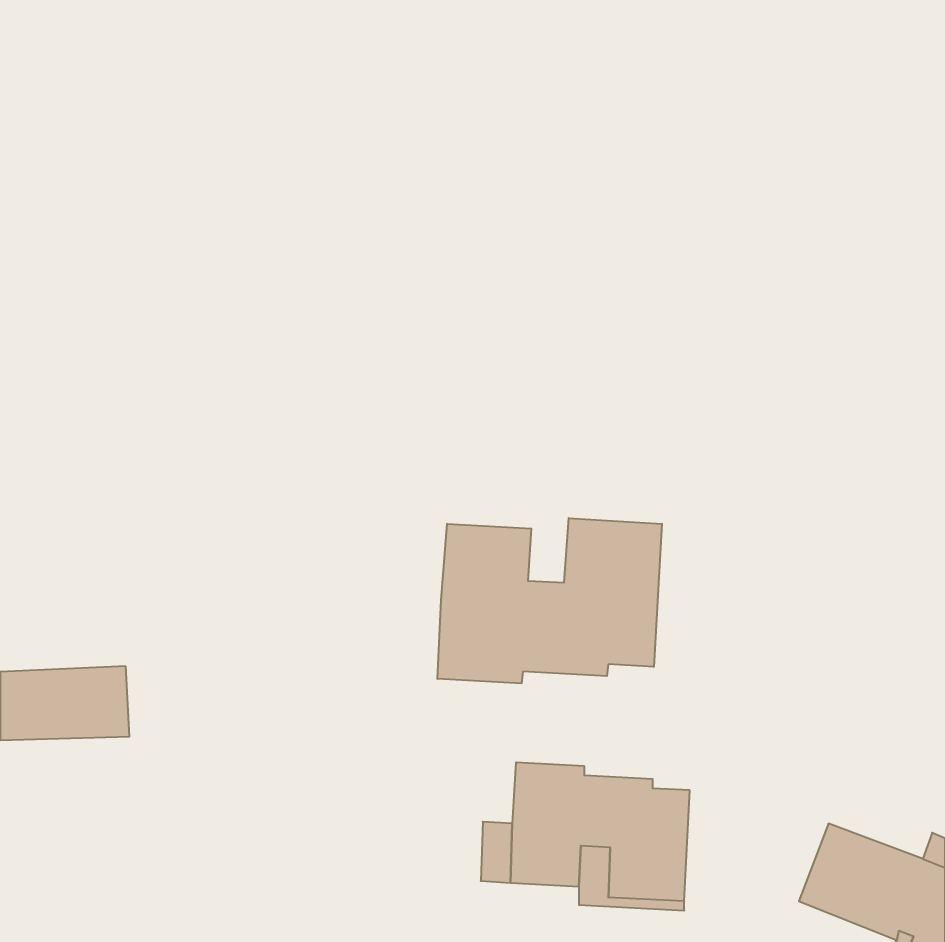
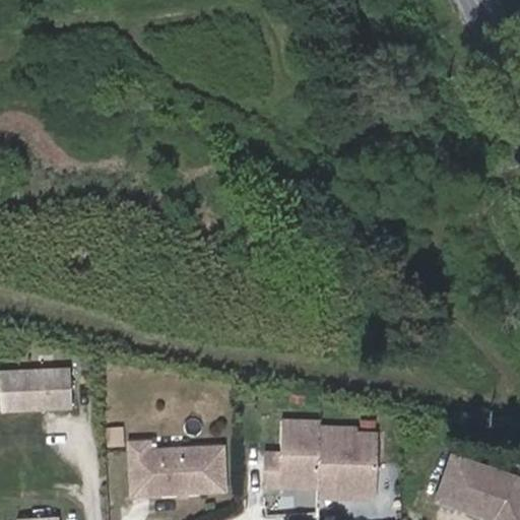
building: [437,518,662,683] -> none
building: none -> [130,442,223,494]

